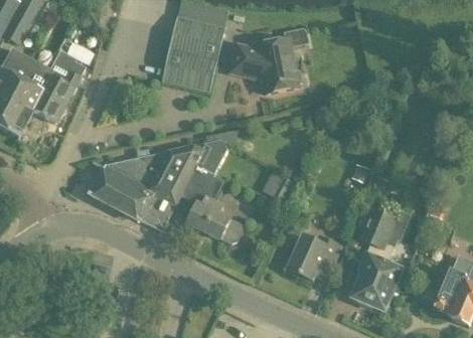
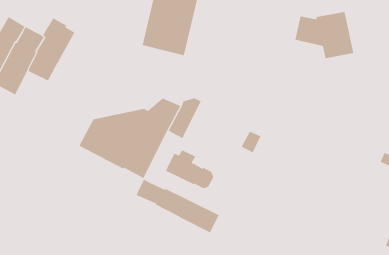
building: [231,39,299,93] -> [295,11,354,59]
building: [354,209,403,311] -> none
building: none -> [136,179,219,233]
building: [288,234,341,280] -> none

